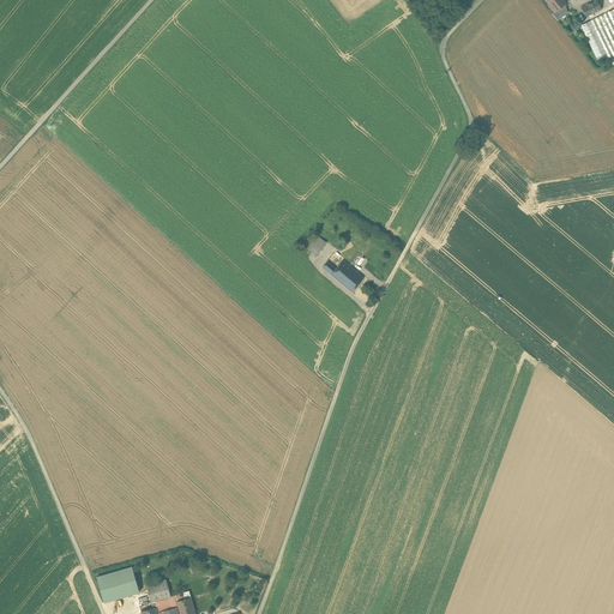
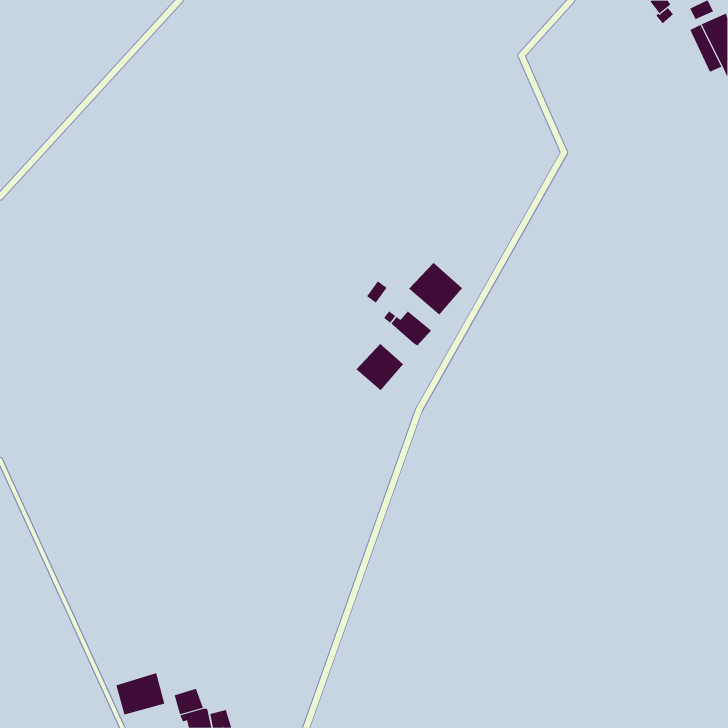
building: none -> [408,262,463,316]
building: none -> [355,343,404,391]

